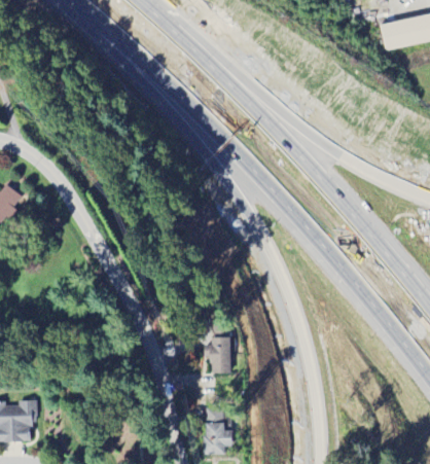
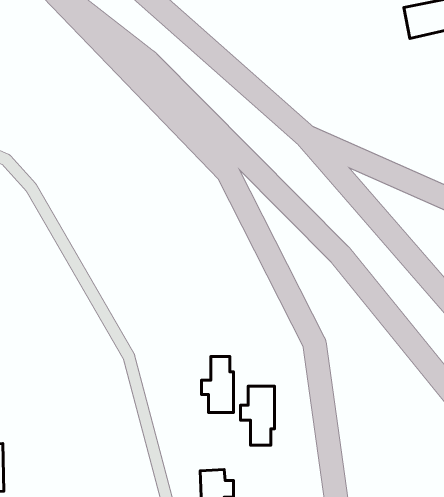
building: none -> [241,386,275,445]

